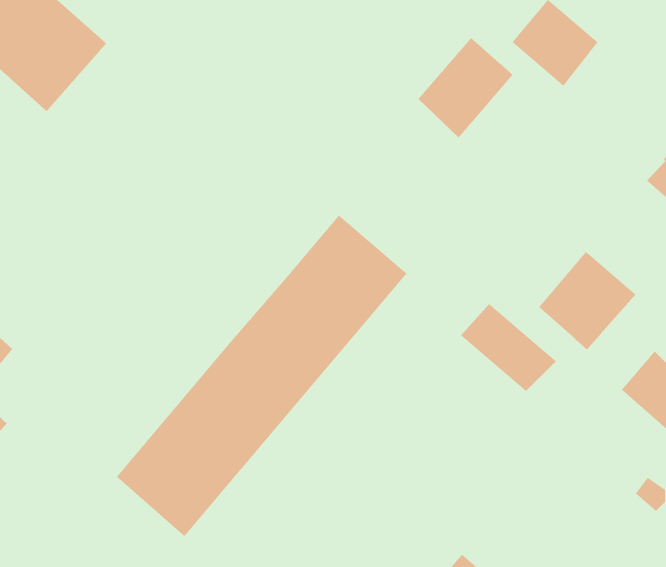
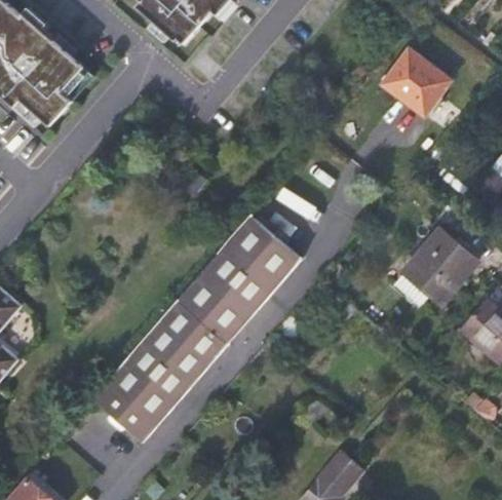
building: [418,37,513,139] -> none
building: [460,303,557,392] -> none

